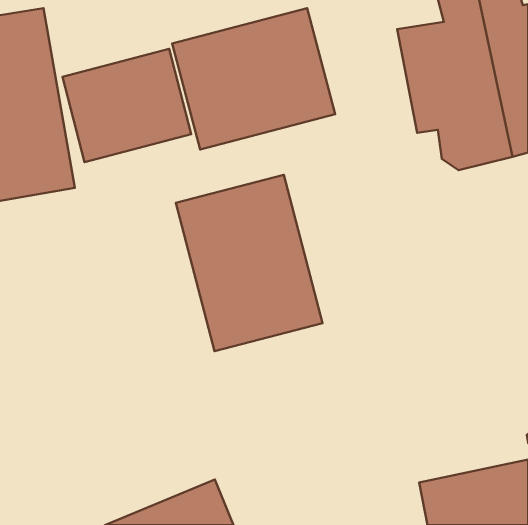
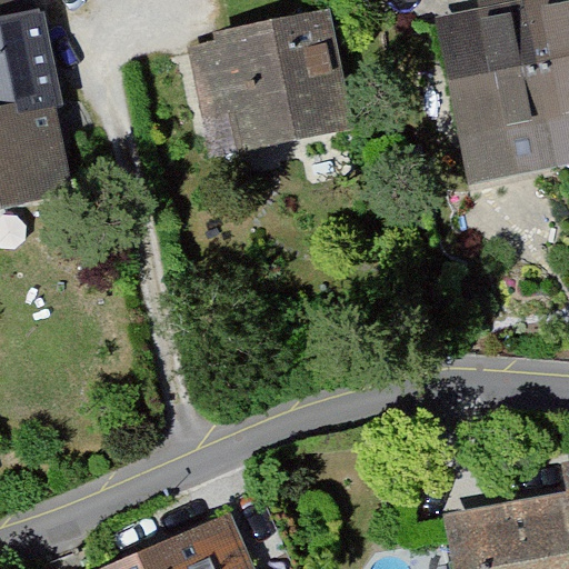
building: [62,49,191,162] -> none
building: [176,175,322,351] -> none

